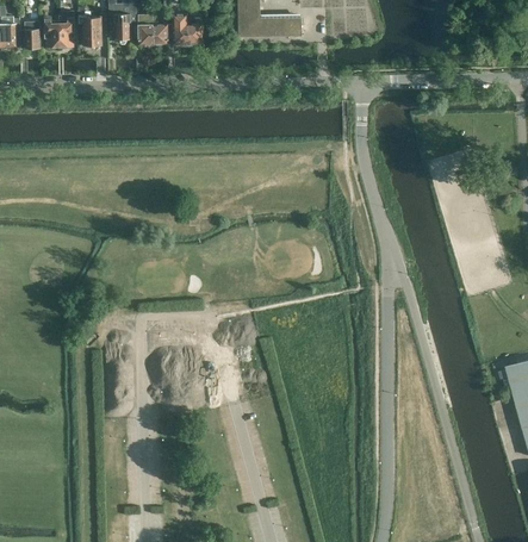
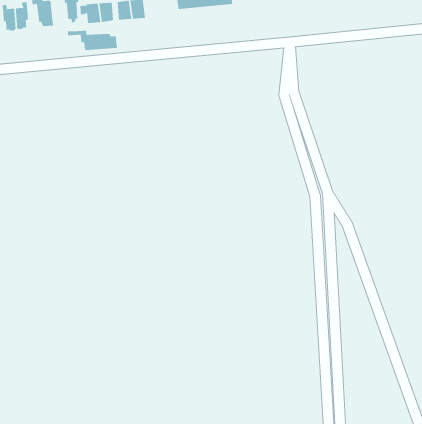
building: none -> [67,30,118,51]

